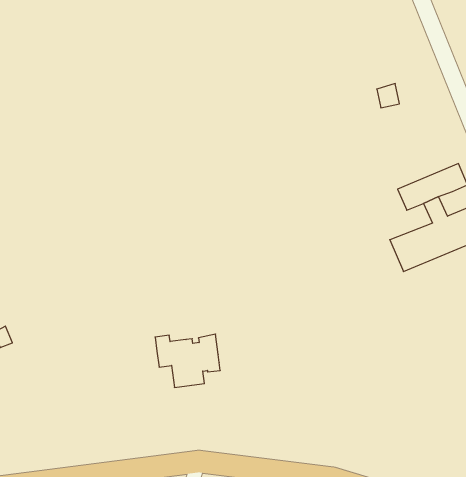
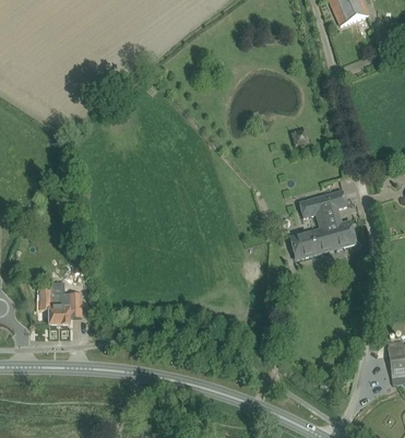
building: [155,334,220,387] -> [40,288,82,324]

